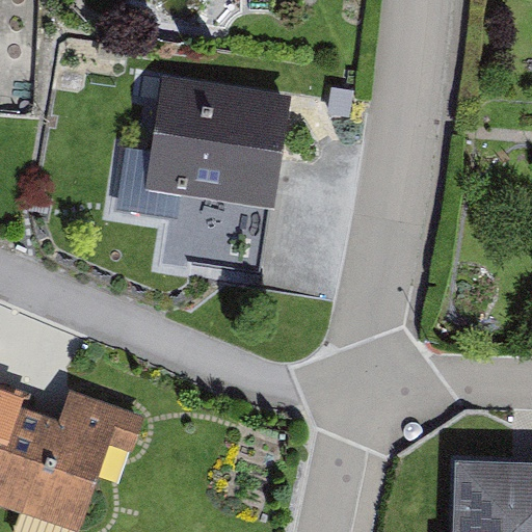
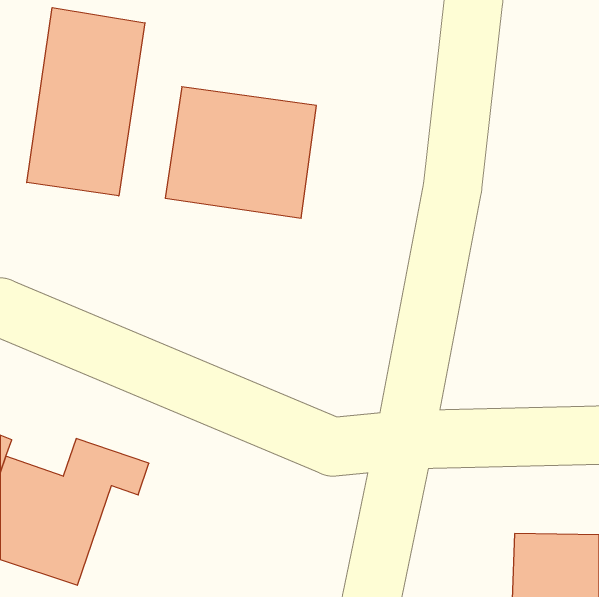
building: none -> [27,8,145,196]
building: [171,201,261,270] -> none

